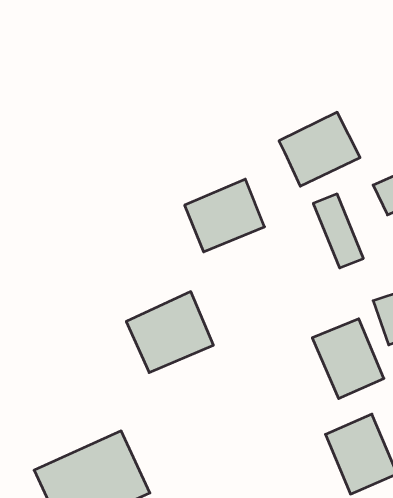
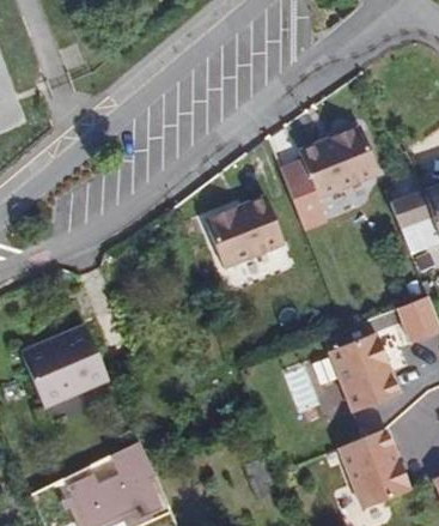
building: [313,194,363,268] -> [280,167,330,241]
building: [126,292,213,373] -> [26,322,114,404]

